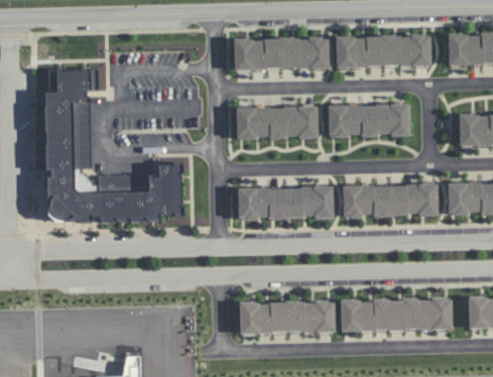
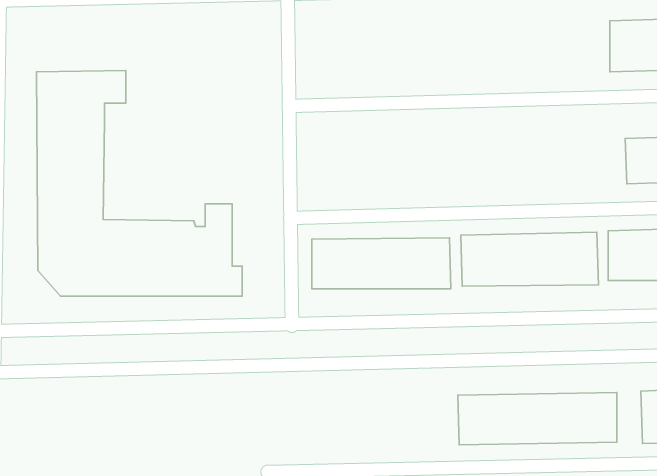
building: [336,32,432,72] -> none
building: [232,35,332,74] -> none
building: [329,103,412,140] -> none
building: [234,104,317,140] -> none
building: [238,298,336,337] -> none

